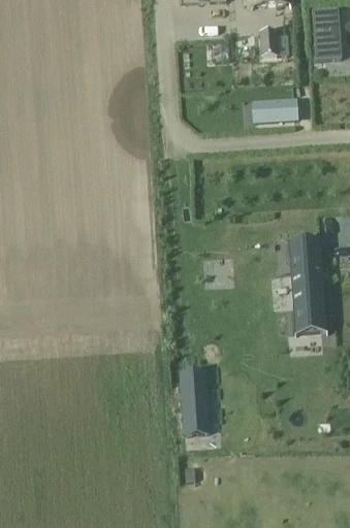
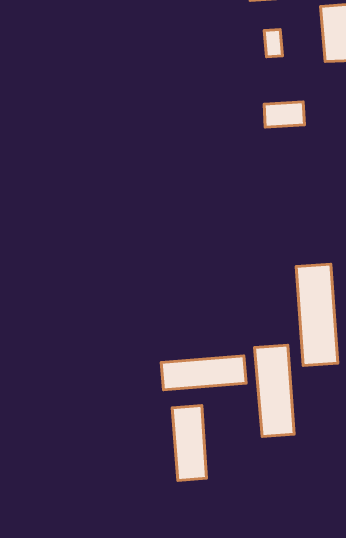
building: none -> [255,345,294,436]
building: none -> [161,356,246,390]

